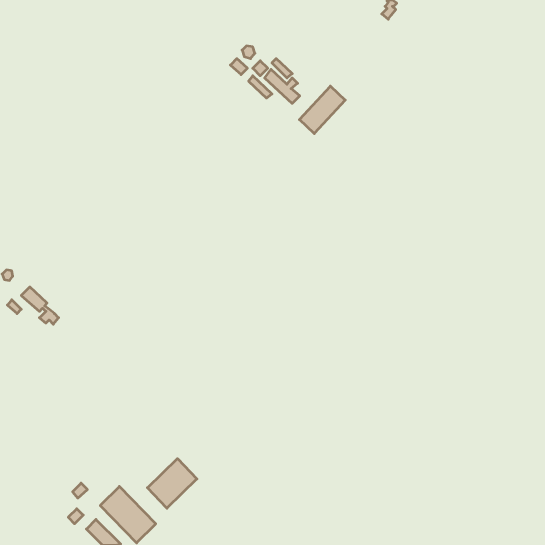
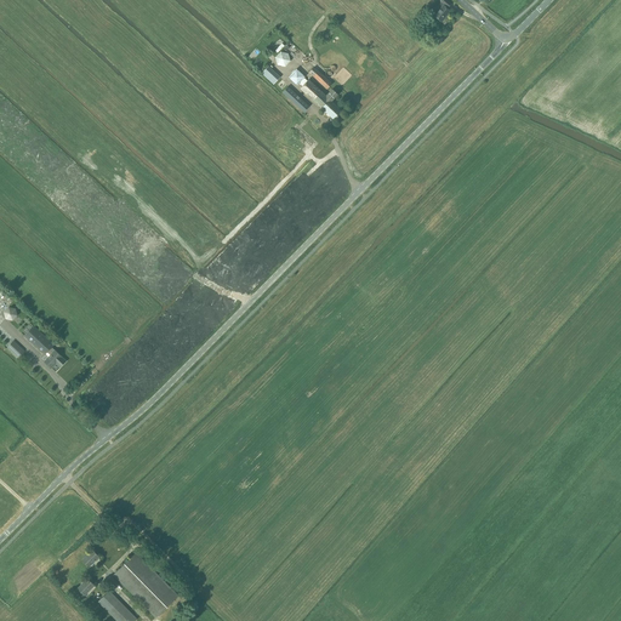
building: [299,86,345,134] -> none
building: [147,459,197,508] -> none

